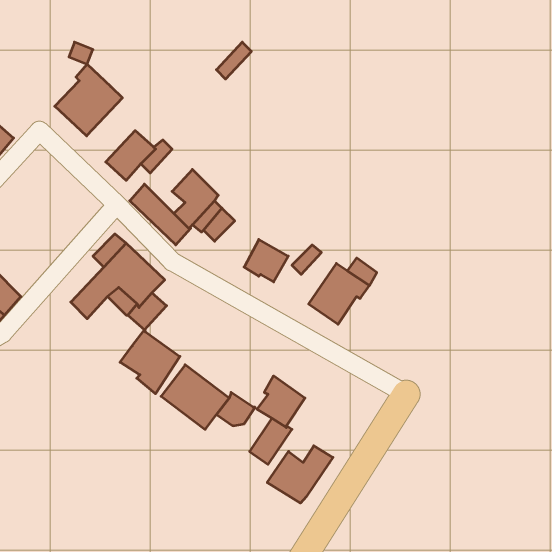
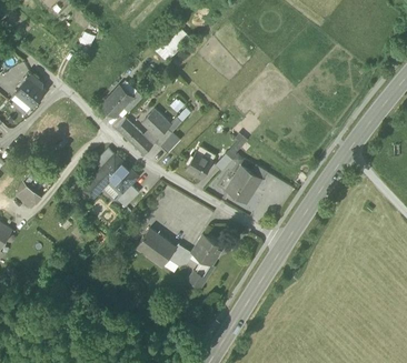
building: [55,64,122,136] -> none
building: [120,330,180,394] -> none
building: [267,446,333,503] -> none

